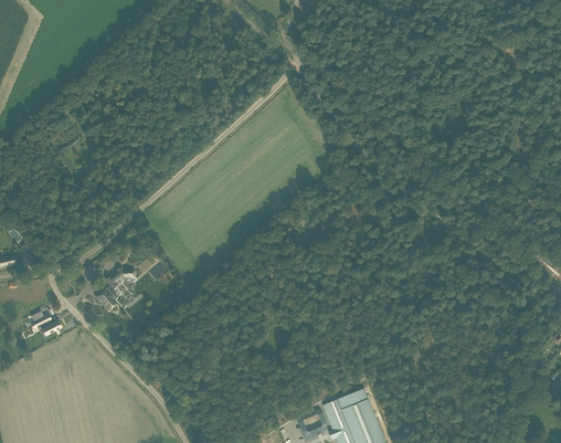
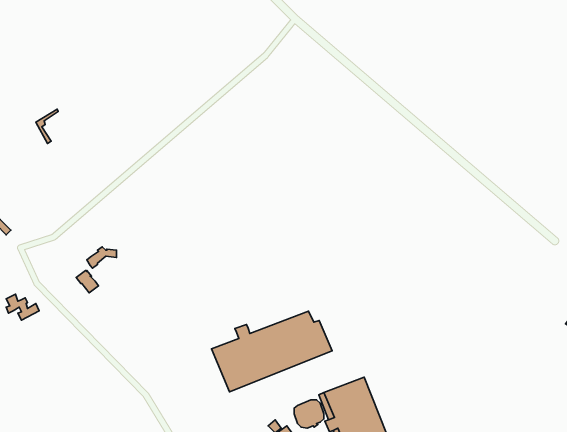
building: none -> [211,311,332,392]

